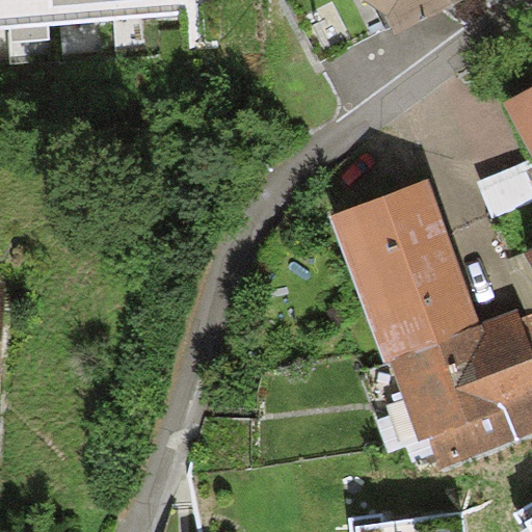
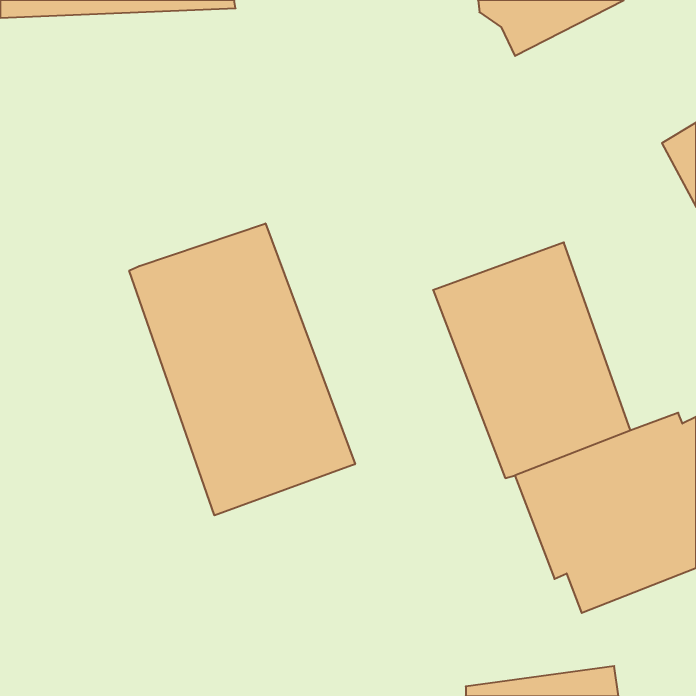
building: none -> [129,223,355,515]

